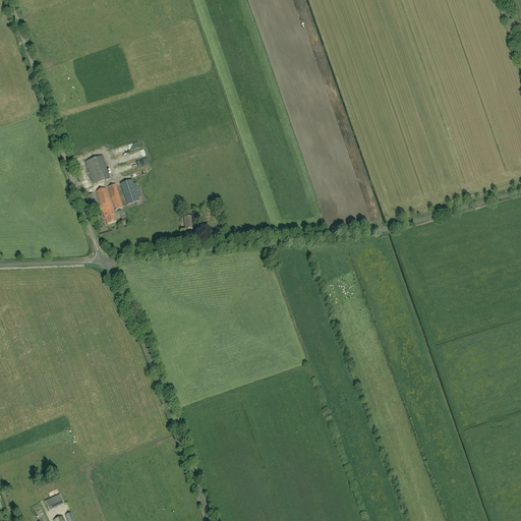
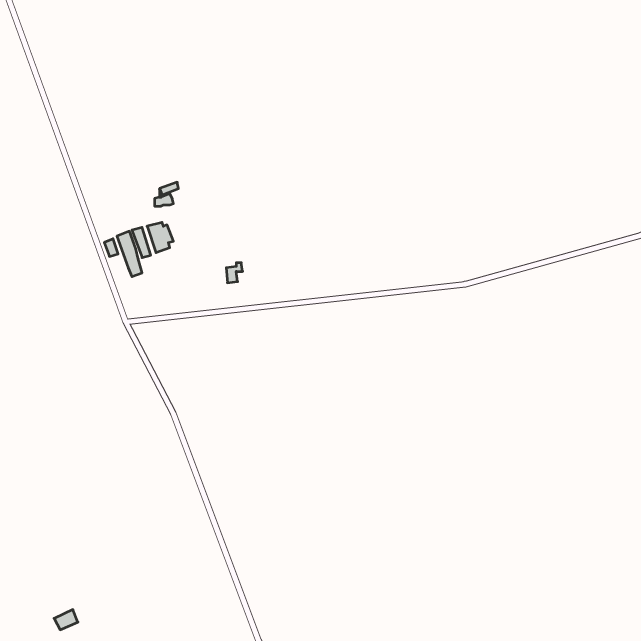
building: [84,156,109,184] -> none

